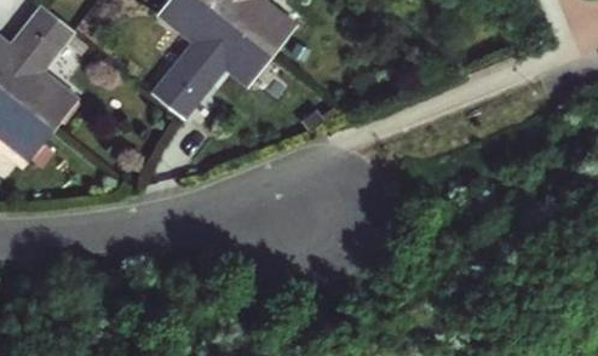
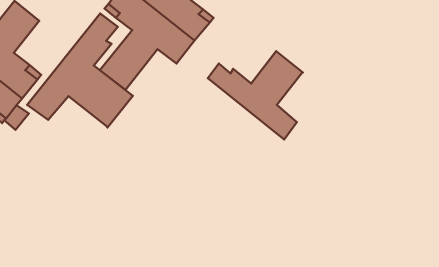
building: none -> [27,14,133,128]
building: none -> [208,51,303,140]

